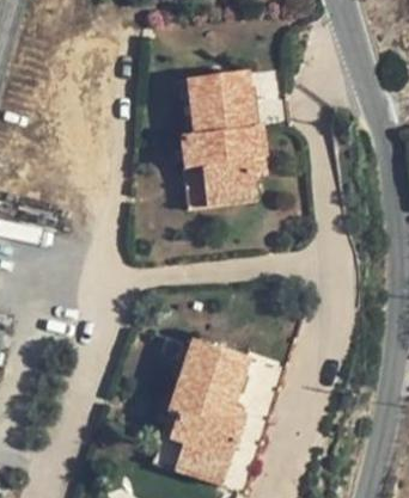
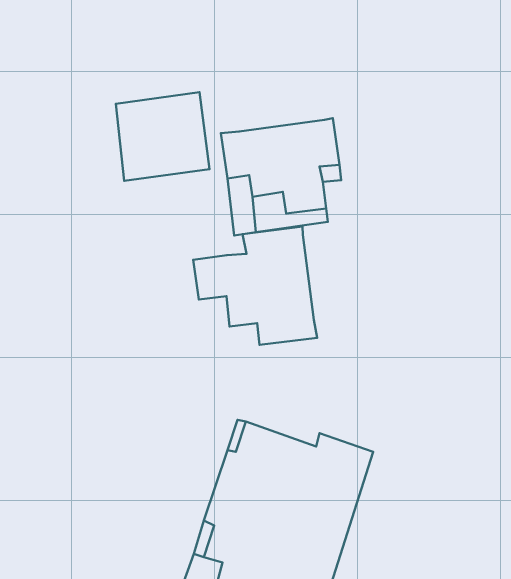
building: [185,69,252,133] -> [116,92,209,181]
building: none -> [193,226,317,345]

